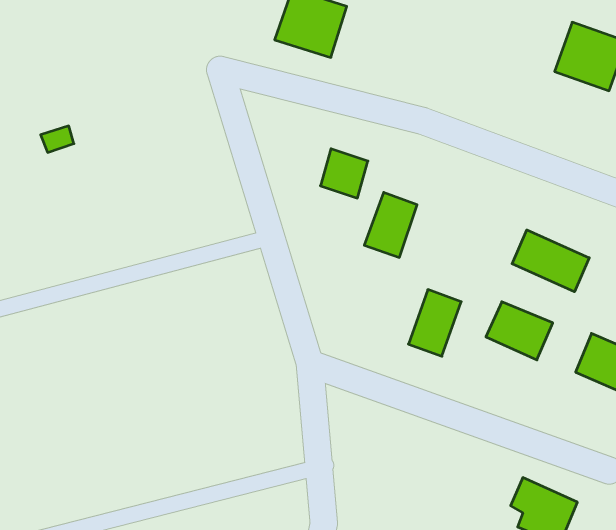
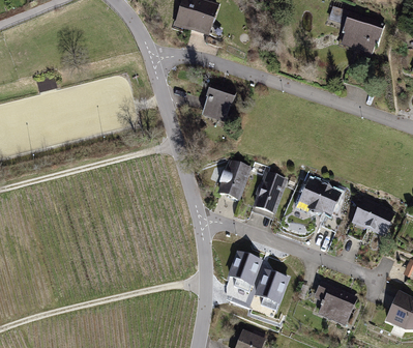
building: [364,192,417,257] -> [218,161,249,199]
building: [512,230,589,292] -> none
building: none -> [229,251,262,285]
building: none -> [255,267,289,301]

